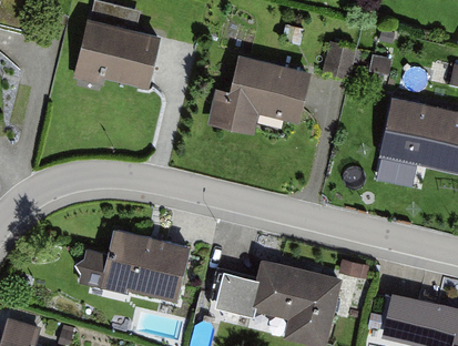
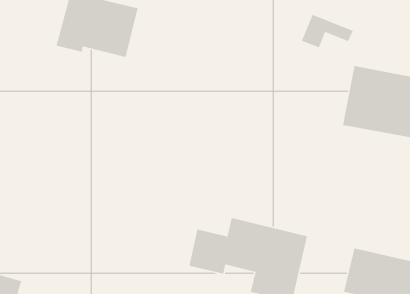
building: [207,57,309,138] -> none
building: [84,230,189,303] -> none

